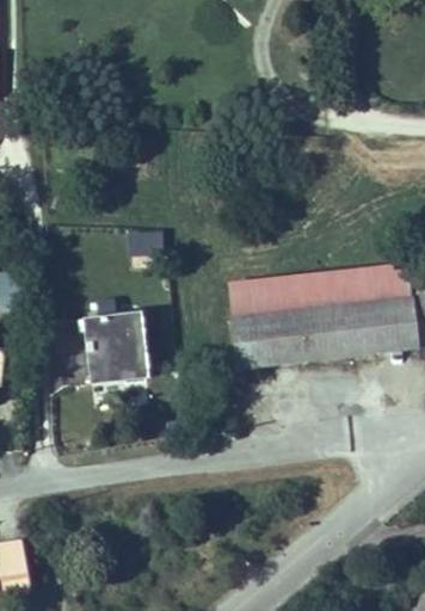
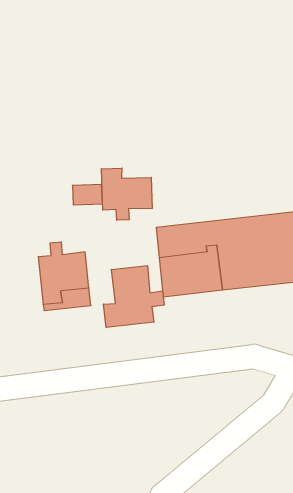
building: none -> [101,168,152,220]
building: none -> [104,266,164,328]

